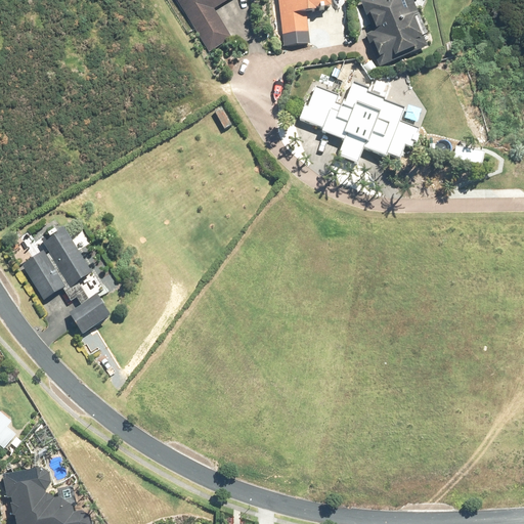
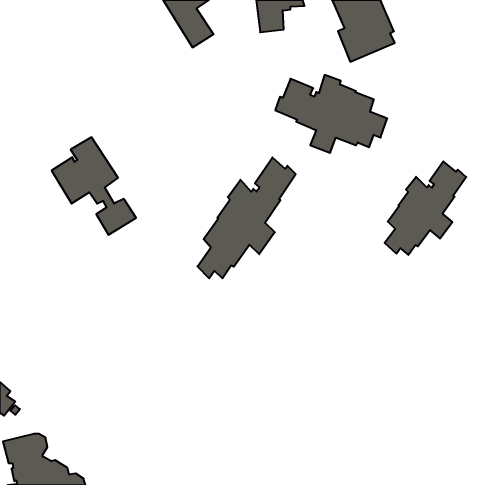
building: none -> [197,157,296,278]
building: none -> [385,161,466,255]
building: [23,228,114,334] -> [52,137,136,235]

